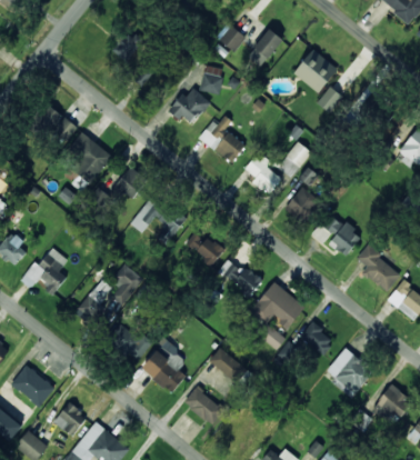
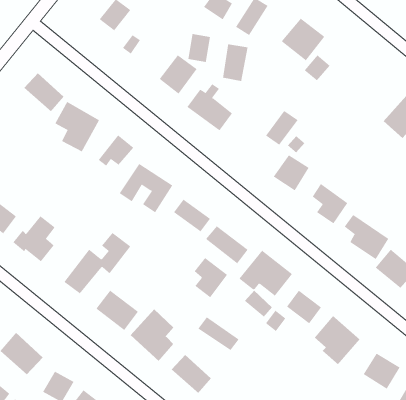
building: none -> [223,43,248,82]
building: [244,156,283,196] -> none
building: none -> [194,257,228,298]

